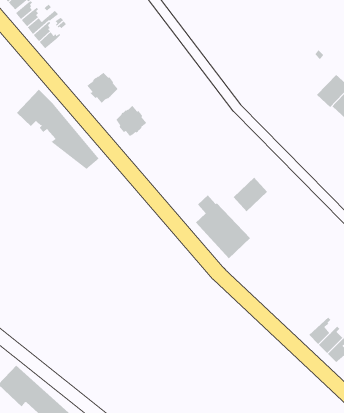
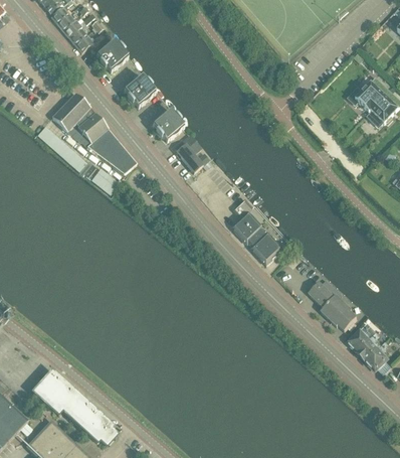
building: none -> [95,40,128,72]
building: none -> [174,134,209,172]
building: [233,177,268,212] -> none
building: none -> [309,280,357,330]

